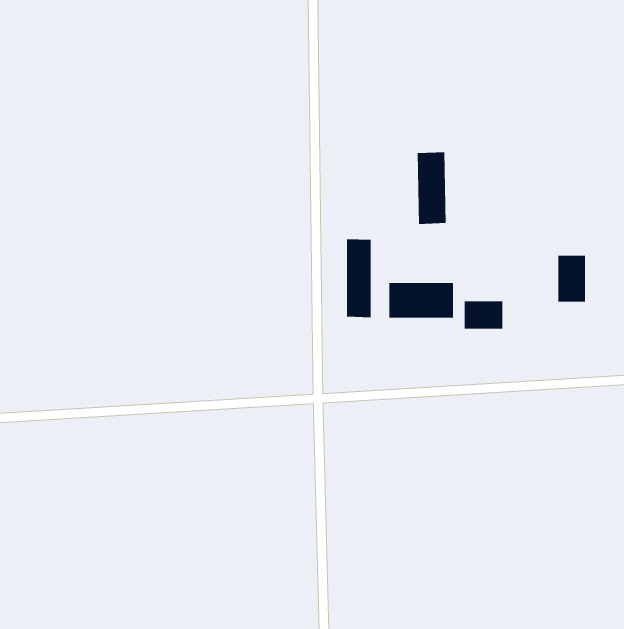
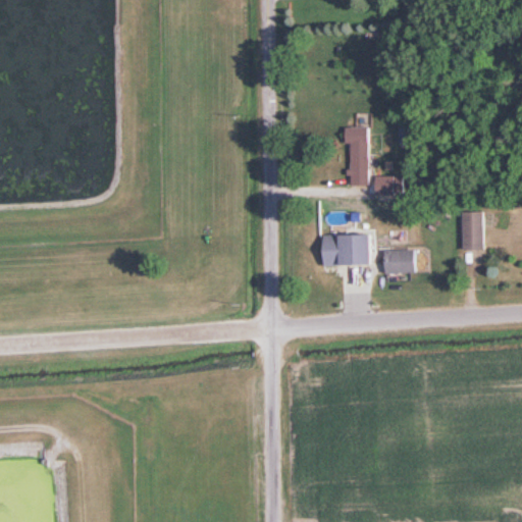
building: none -> [373,175,395,195]
building: [346,238,371,318] -> none

